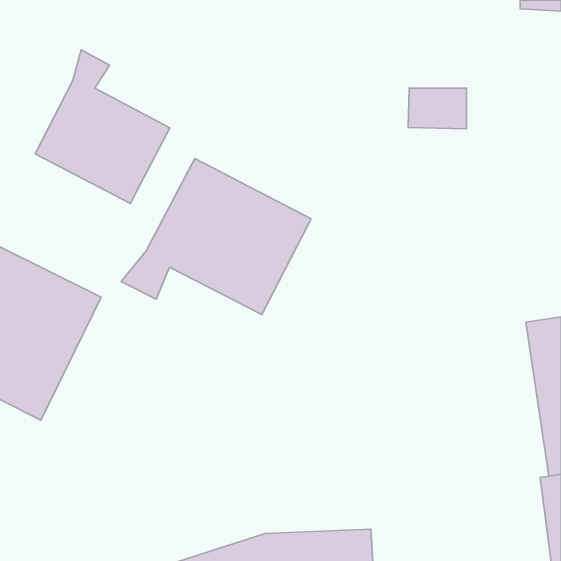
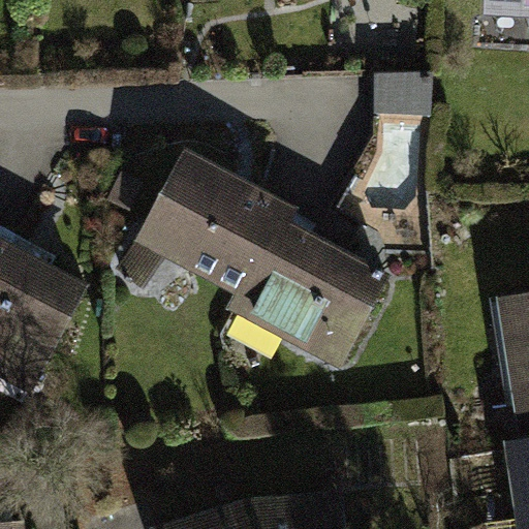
building: [35,50,170,203] -> none
building: none -> [238,222,387,366]

